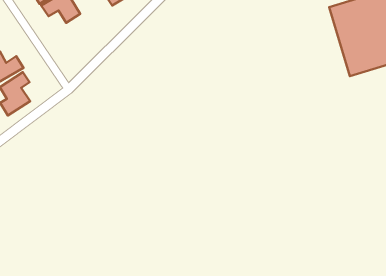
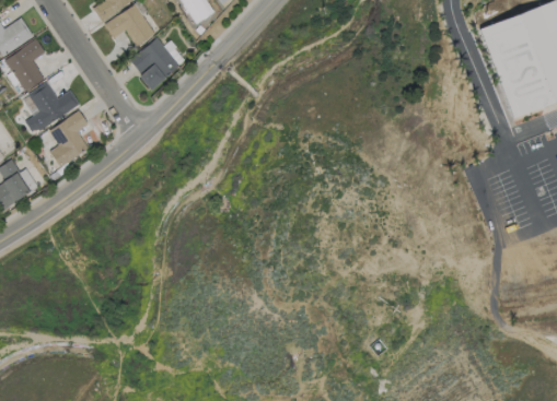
building: none -> [128,37,186,89]

